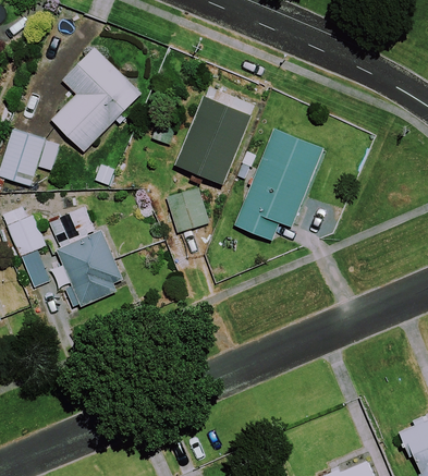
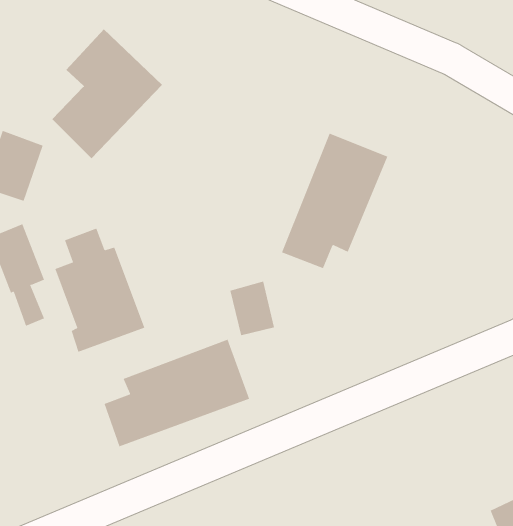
building: [174,86,252,184] -> none
building: [168,187,204,231] -> [230,281,275,336]
building: none -> [104,339,250,447]

